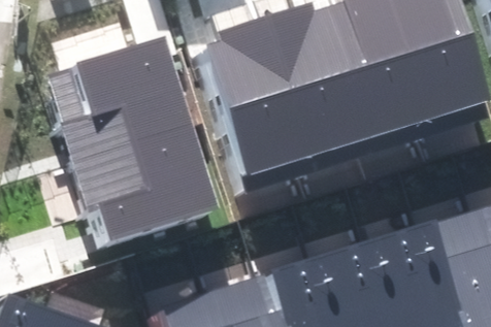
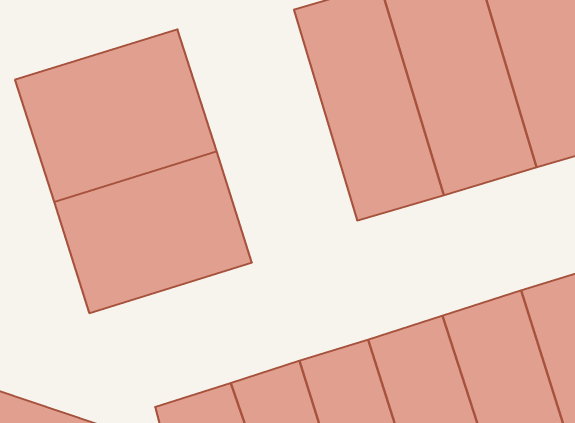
building: [198,21,298,193] -> none

